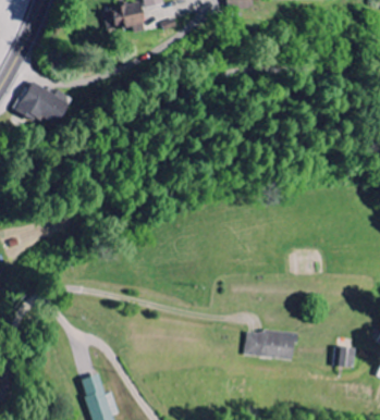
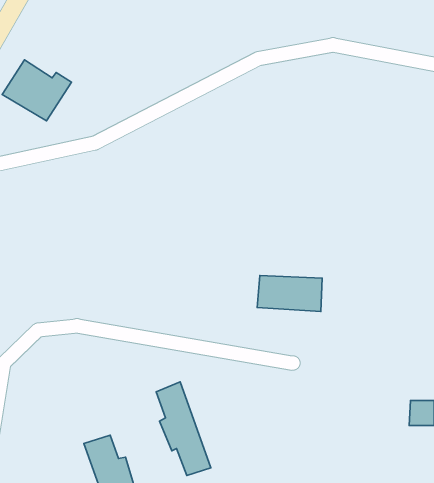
building: [243,330,294,358] -> [257,276,322,312]
building: none -> [156,382,211,476]

